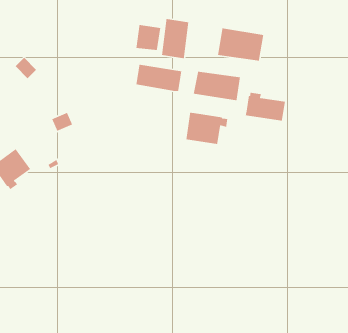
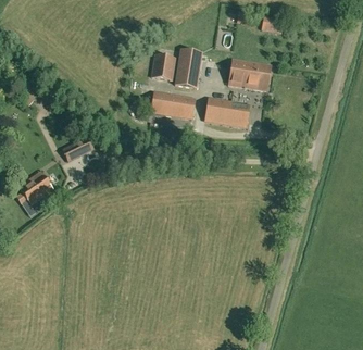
building: [245,92,286,122] -> none
building: [185,112,228,145] -> none

